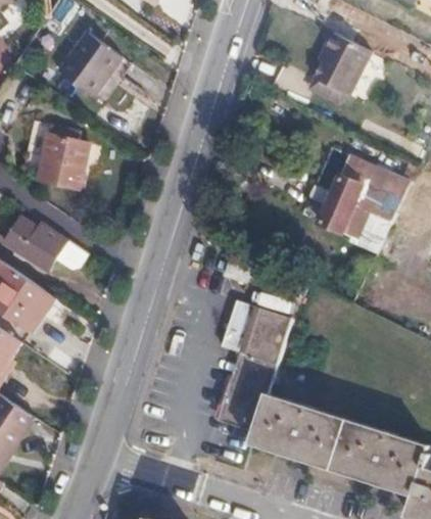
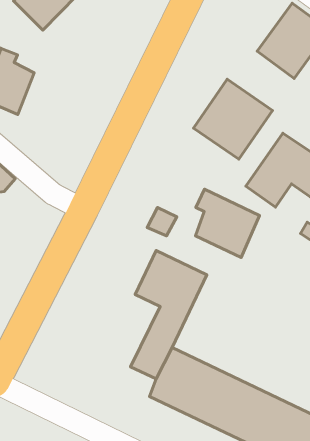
building: none -> [193,79,273,159]
building: none -> [195,189,260,257]

